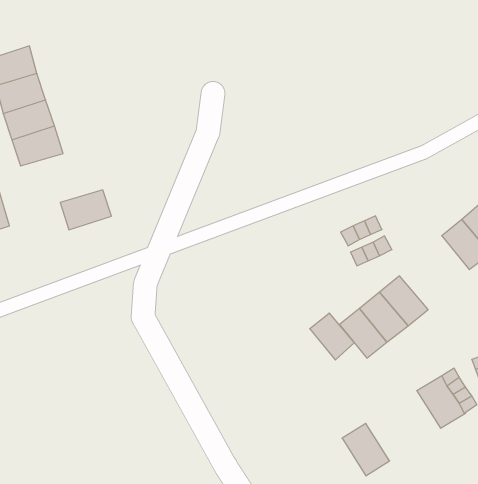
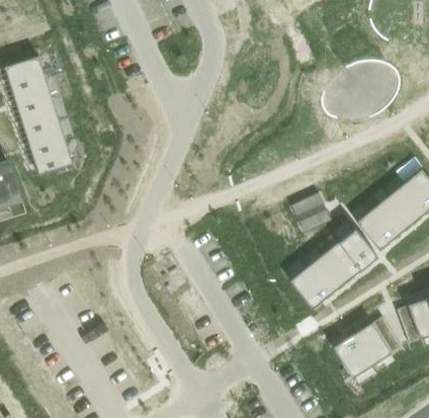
building: [60,190,111,230] -> [31,143,73,175]
building: none -> [356,210,395,250]
building: none -> [338,229,377,269]
building: [310,313,354,360] -> none
building: [342,423,390,476] -> [333,335,371,378]

